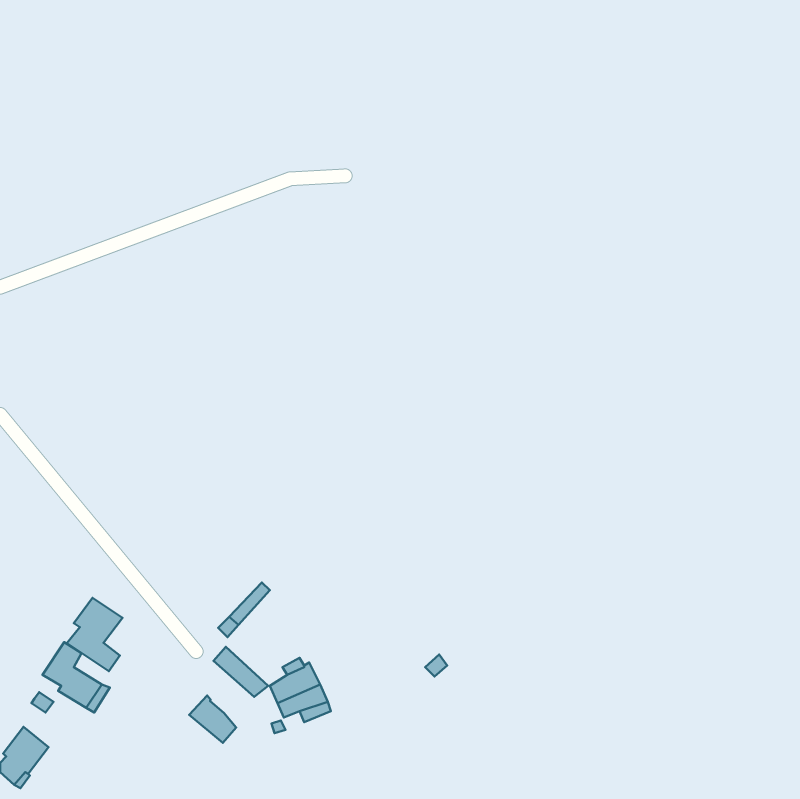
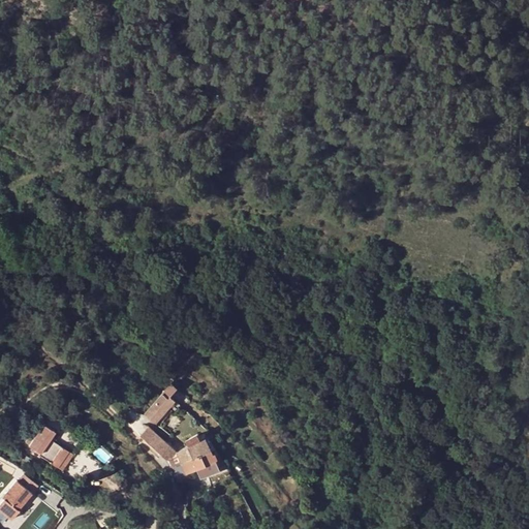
building: [67,598,122,671] -> none
building: [189,695,236,743] -> none

